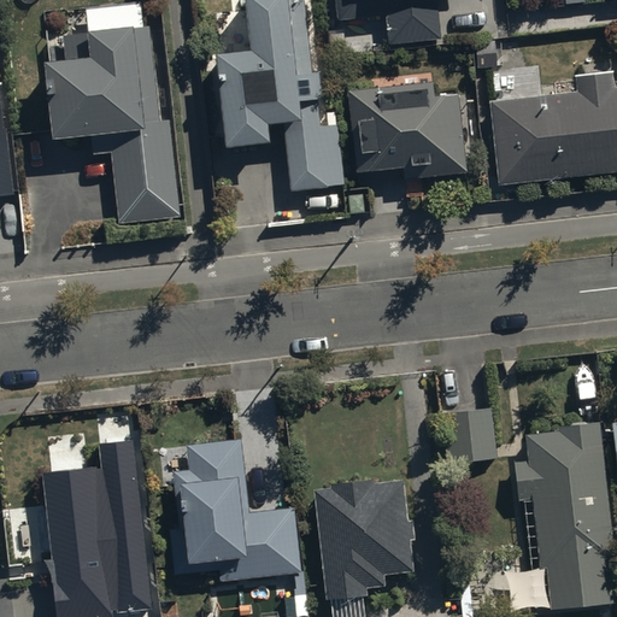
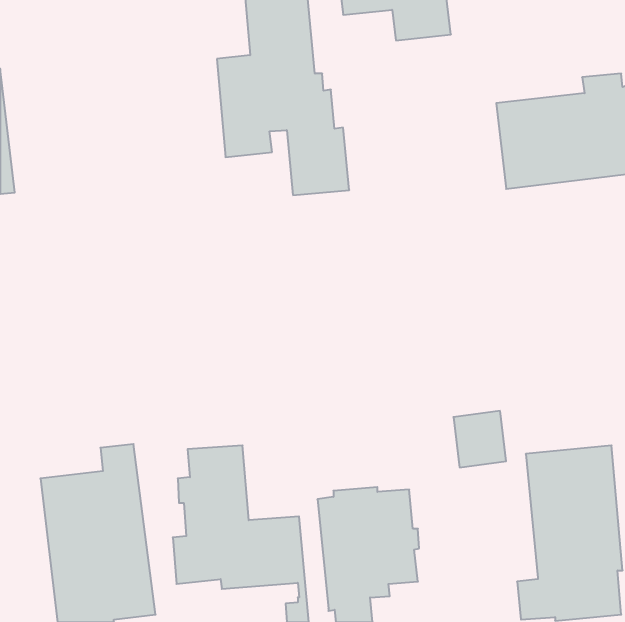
building: [47,28,180,224] -> none
building: [347,81,465,177] -> none

